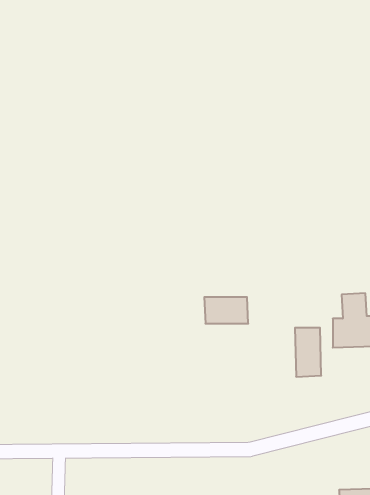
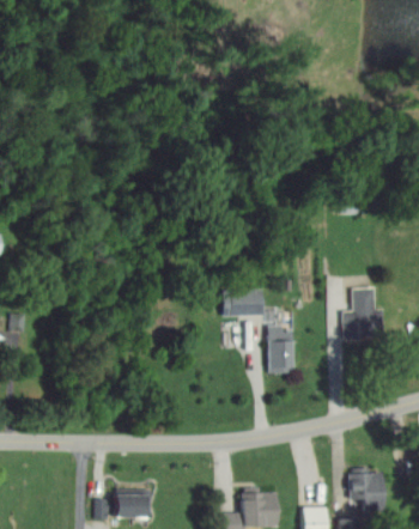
building: [295,328,321,377] -> [268,327,293,373]

